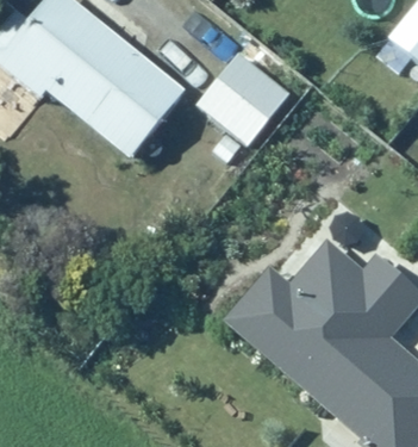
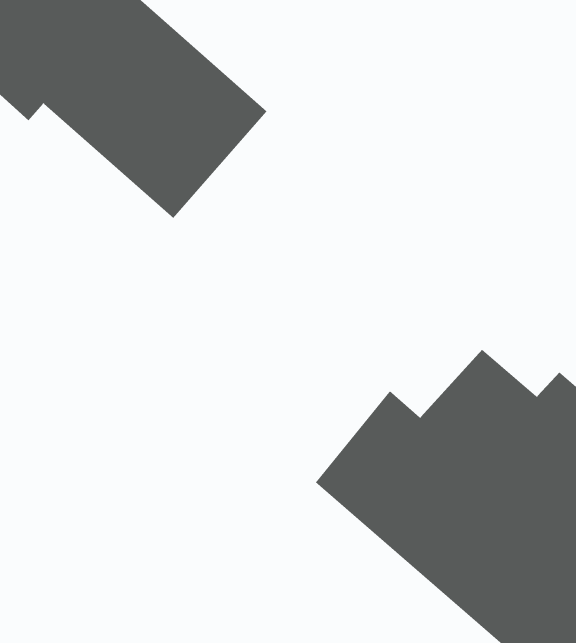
building: [196,42,295,141] -> none

